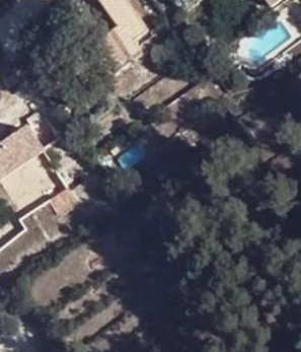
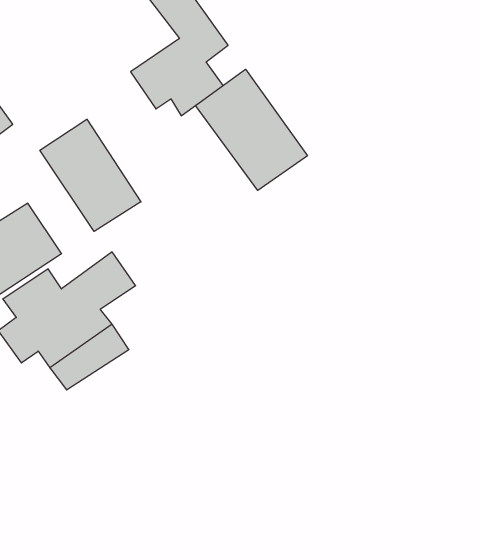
building: none -> [195,69,307,190]
building: none -> [40,119,141,231]

